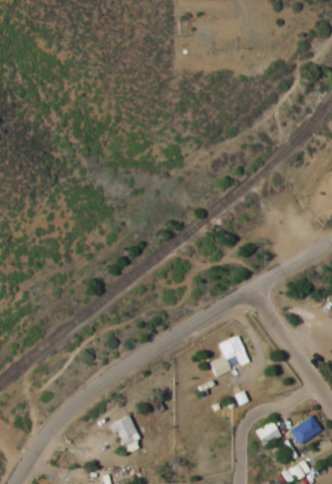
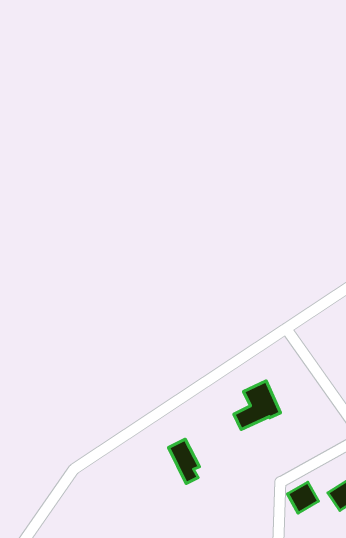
building: [113,415,139,452] -> [168,439,199,483]

